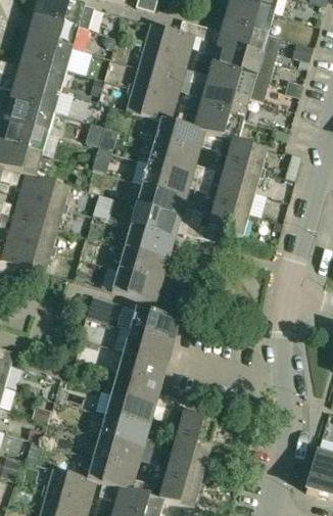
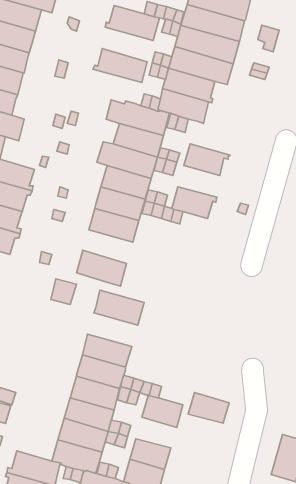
building: [137,44,188,79] -> none
building: [125,86,177,121] -> none
building: [225,138,267,172] -> none
building: [212,182,254,214] -> none
building: [113,246,168,280] -> none
building: [112,326,173,363] -> none
building: [171,433,211,464] -> [188,393,229,423]

